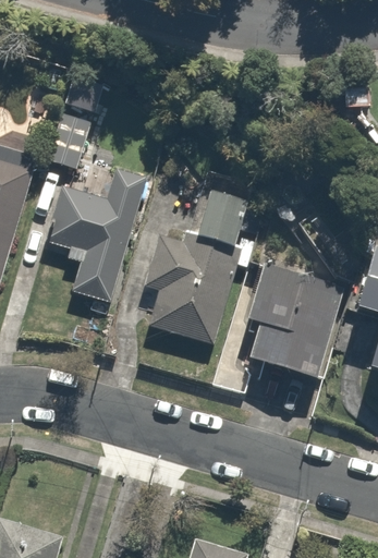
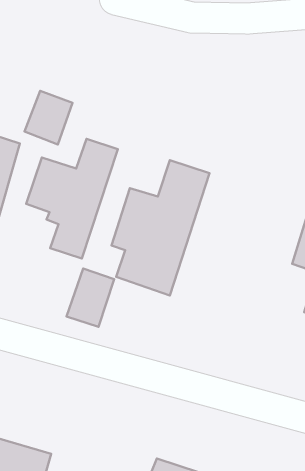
building: [243,260,336,380] -> none
building: none -> [66,269,114,327]

